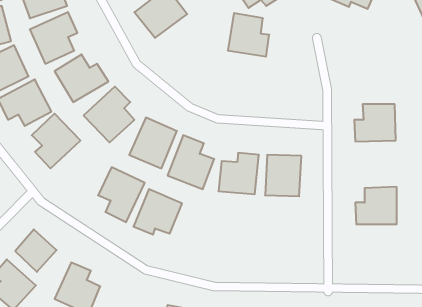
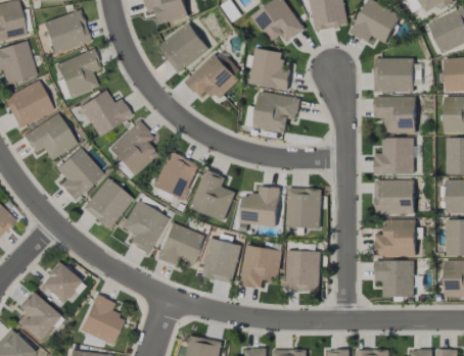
building: none -> [184,53,239,100]
building: none -> [374,58,414,92]
building: none -> [253,92,300,134]
building: none -> [375,96,416,134]
building: none -> [83,177,132,228]
building: none -> [374,180,414,214]
building: none -> [199,238,241,284]
building: none -> [240,245,282,289]
building: none -> [285,250,321,291]
building: none -> [374,260,415,297]

